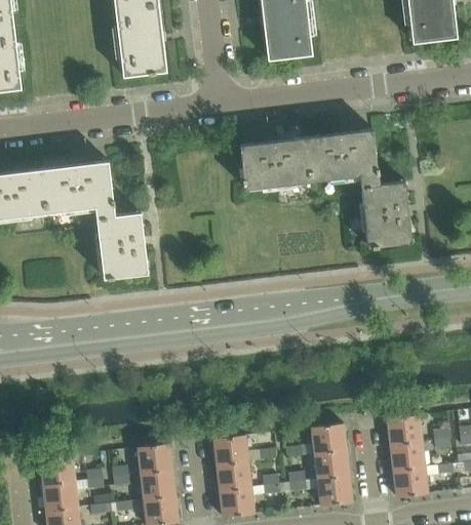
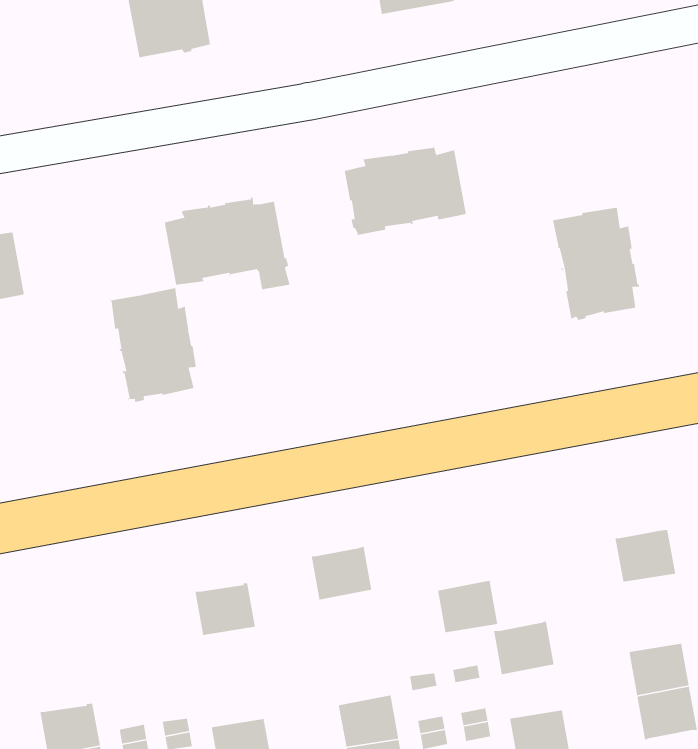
building: [306,131,379,187] -> none
building: [42,162,115,217] -> [163,197,290,291]
building: [387,414,422,444] -> [615,529,676,583]
building: [213,434,248,465] -> [311,546,372,601]
building: [138,443,172,473] -> [195,583,256,636]
building: [314,449,349,479] -> [437,580,498,633]

